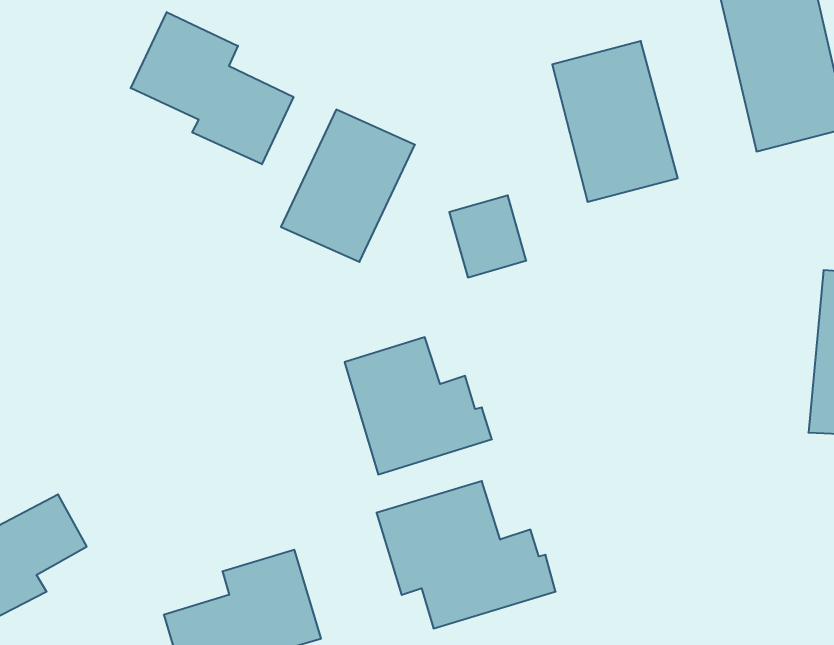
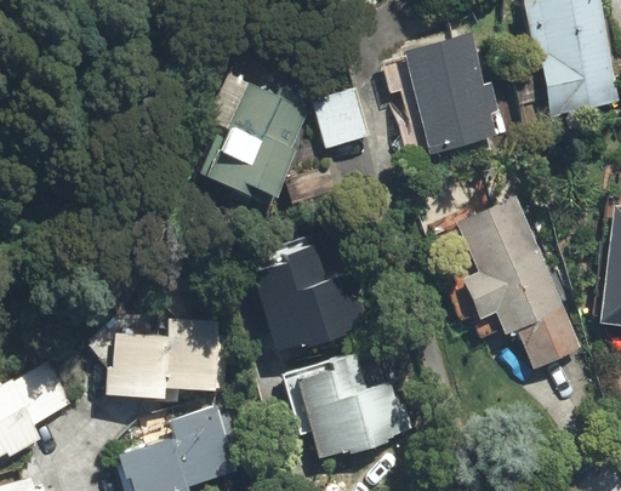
building: [131,12,293,164] -> none
building: [449,195,526,277] -> [312,90,368,149]
building: none -> [458,194,577,366]
building: none -> [109,319,220,395]

